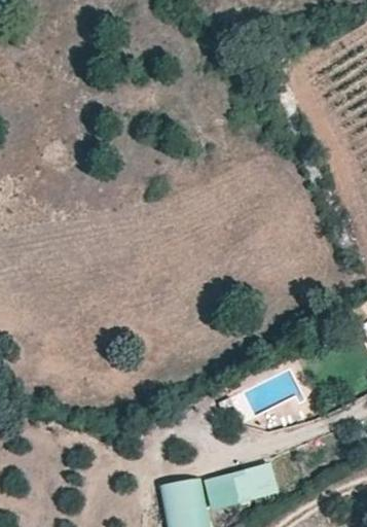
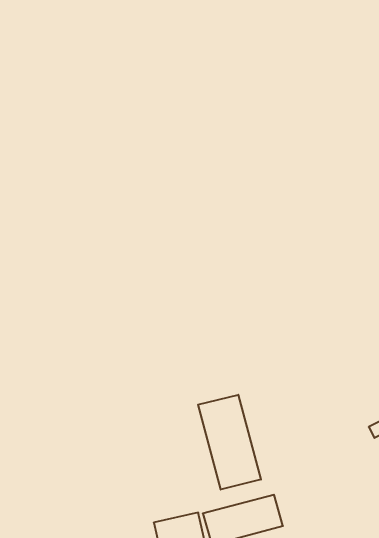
building: none -> [198,395,261,490]

